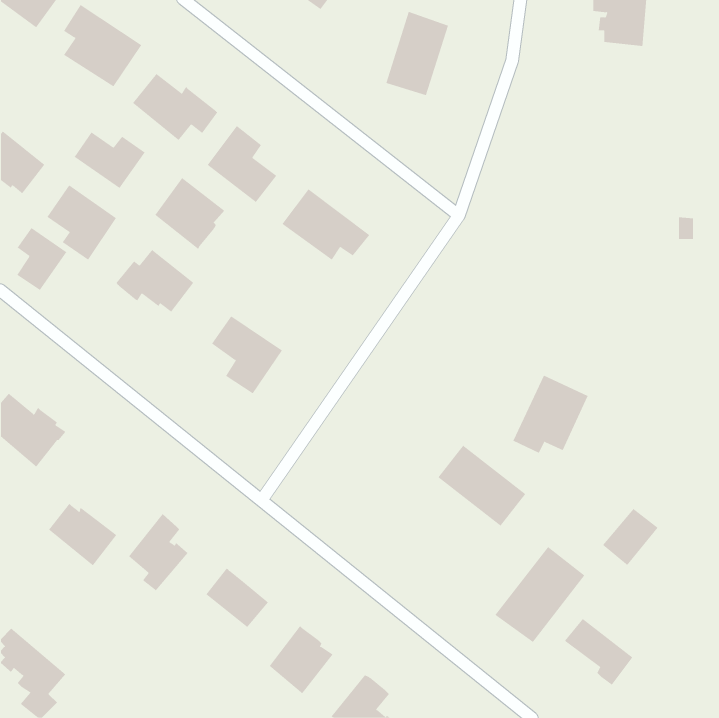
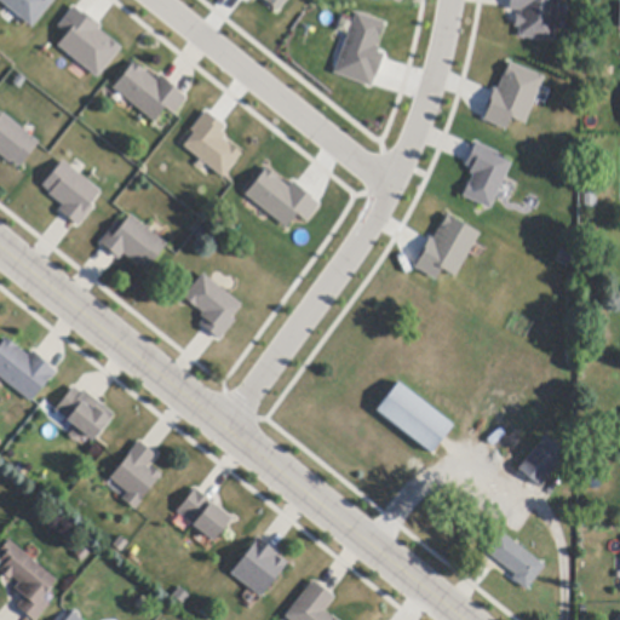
building: none -> [480,58,542,127]
building: [74,131,146,189] -> none
building: none -> [461,138,511,207]
building: [155,177,225,250] -> none
building: [17,227,67,291] -> none
building: [512,375,588,454] -> [413,209,478,277]
building: [48,503,117,566] -> [56,386,115,441]
building: [495,546,585,643] -> none

